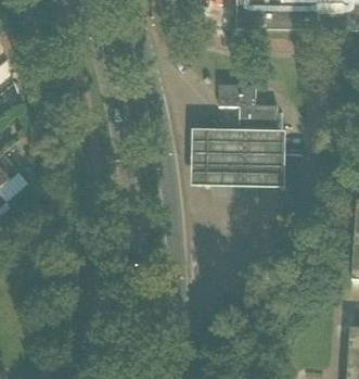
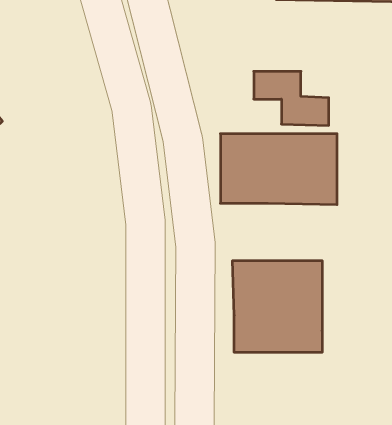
building: none -> [233,261,322,352]

